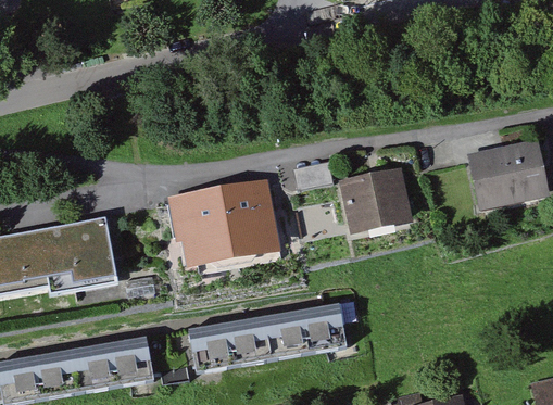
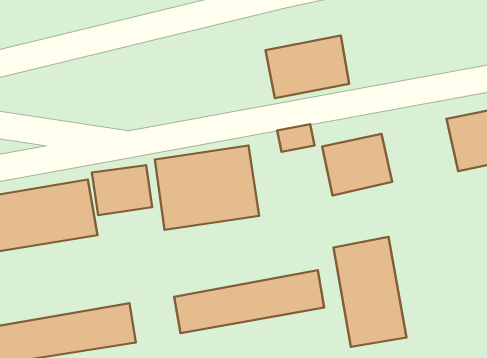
building: none -> [265,36,349,98]
building: none -> [92,165,152,215]
building: none -> [333,237,406,347]

